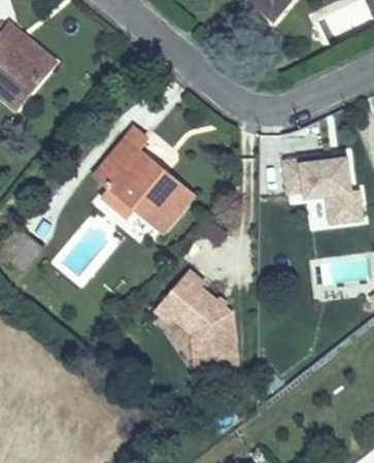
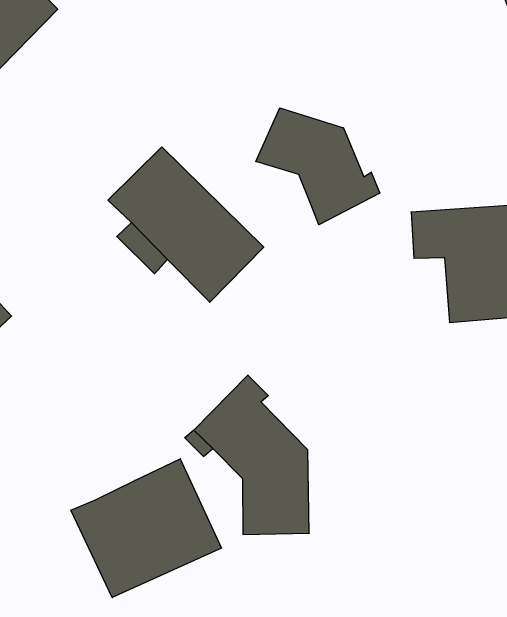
building: none -> [256,108,380,225]
building: none -> [71,459,221,598]

